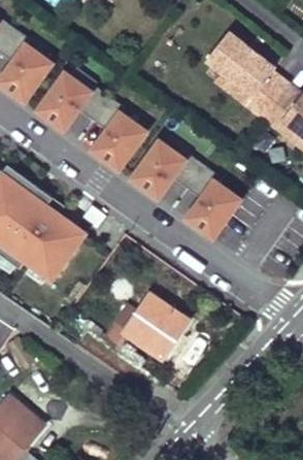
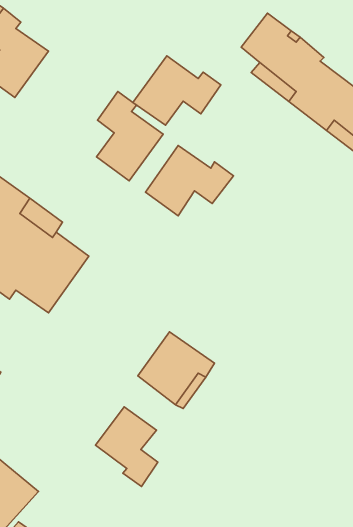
building: [36,73,108,130] -> [133,56,221,125]
building: [186,166,240,238] -> none
building: none -> [96,407,158,487]

